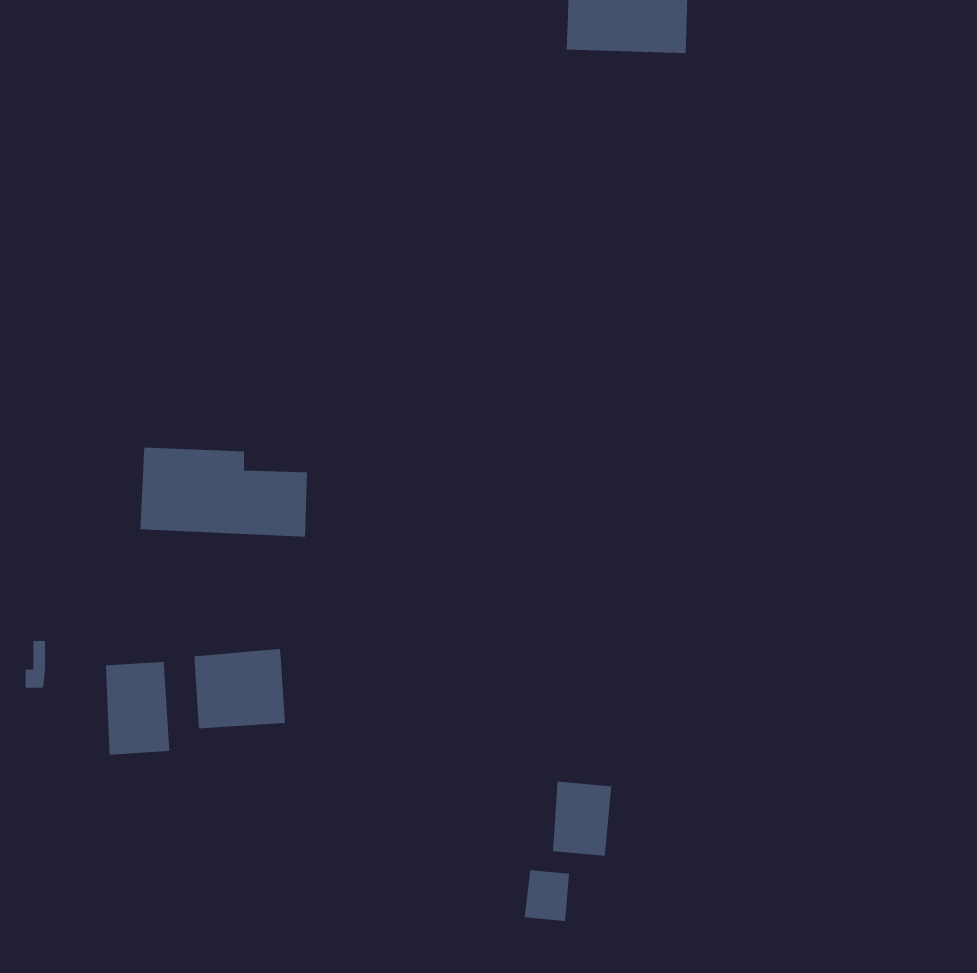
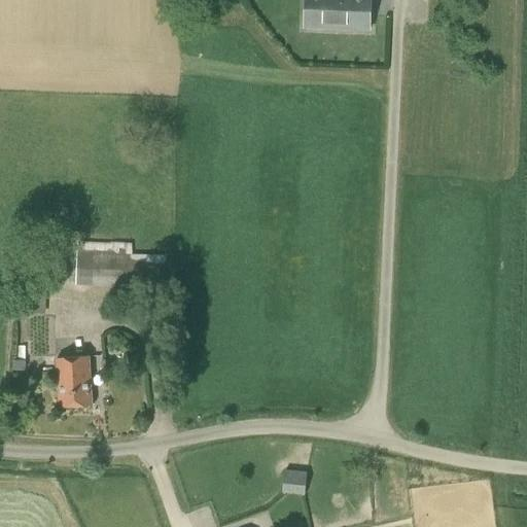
building: [194,648,286,729] -> none
building: [552,781,612,857] -> none

